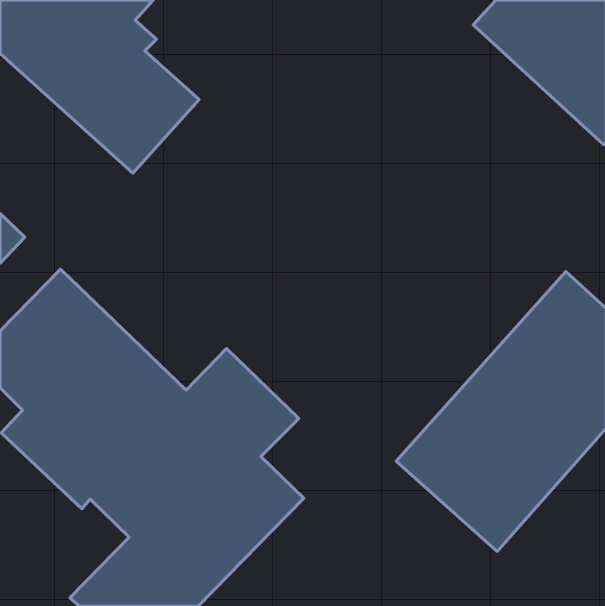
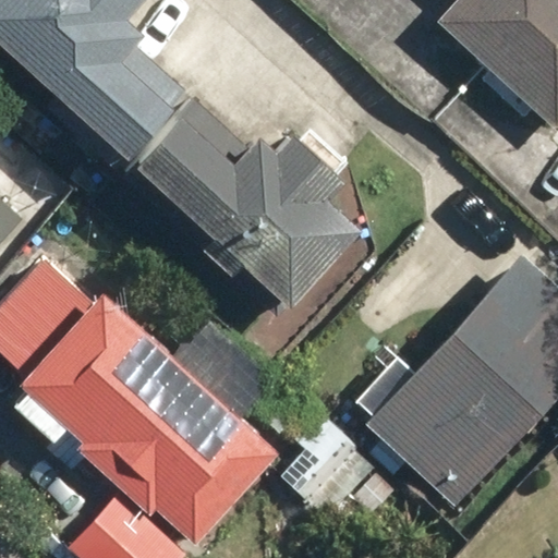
building: none -> [134,101,363,310]

